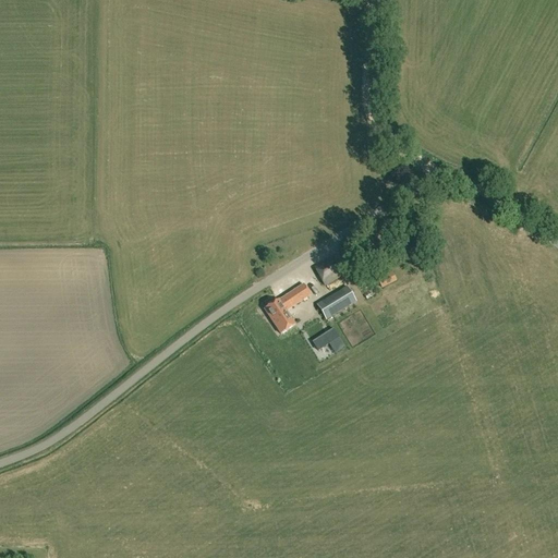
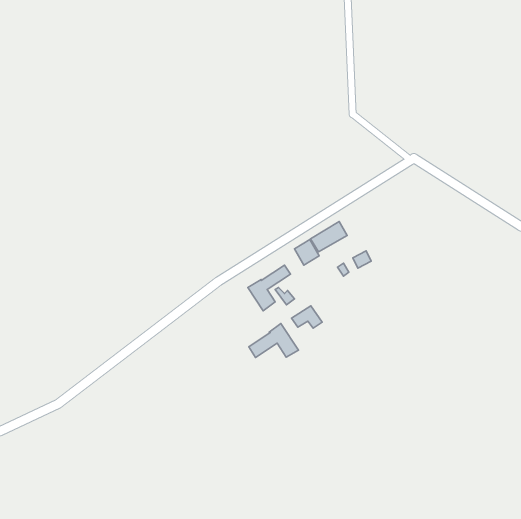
building: [317,284,356,317] -> [310,221,347,252]
building: none -> [249,324,299,357]

